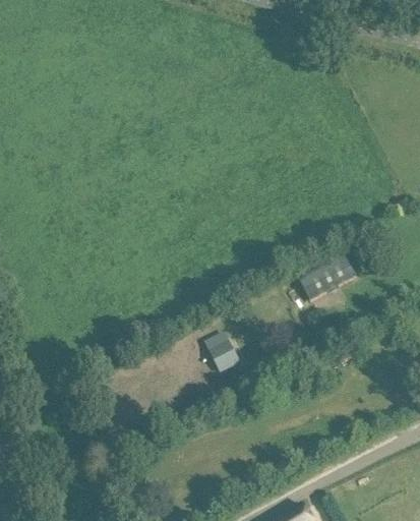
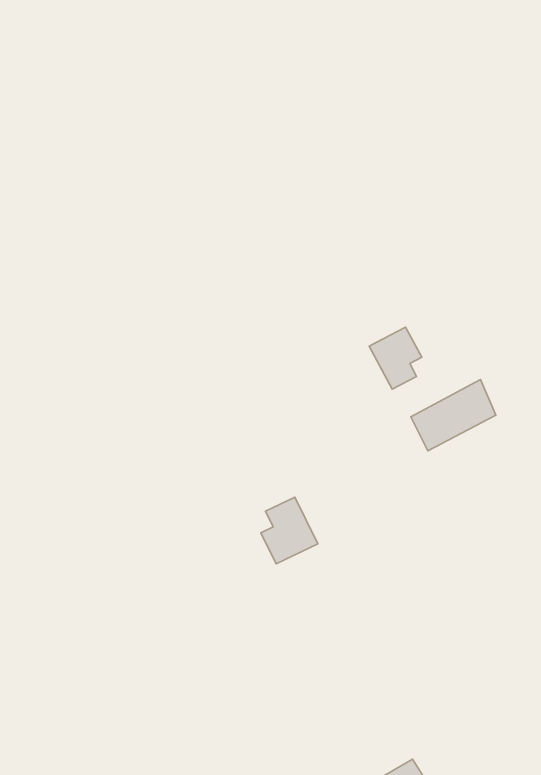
building: none -> [369,327,422,389]

